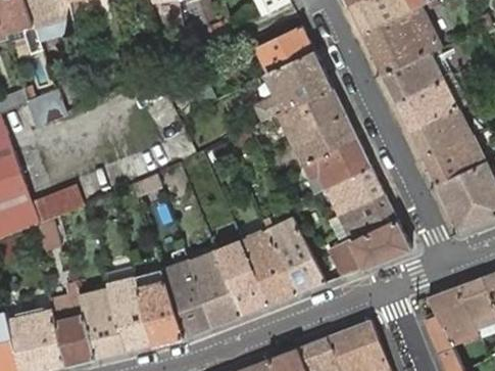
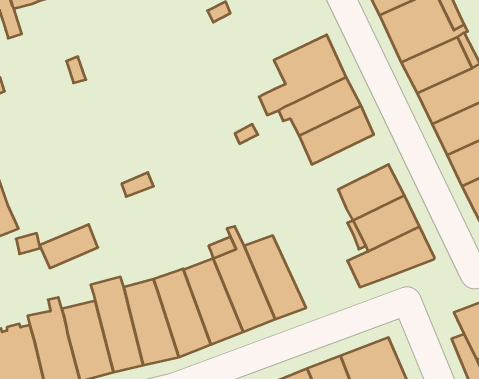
building: [256,25,315,73] -> none
building: [302,139,370,193] -> none
building: [32,184,84,223] -> [39,224,98,268]
building: [267,212,326,293] -> none

